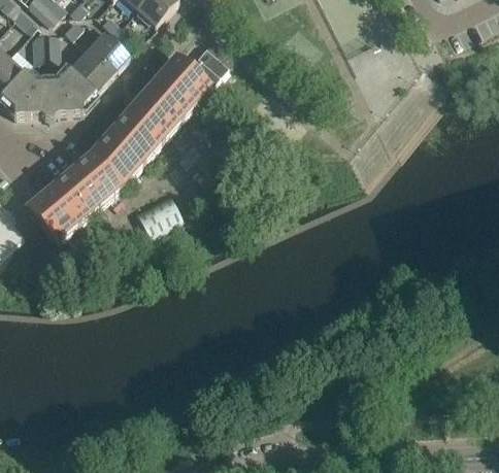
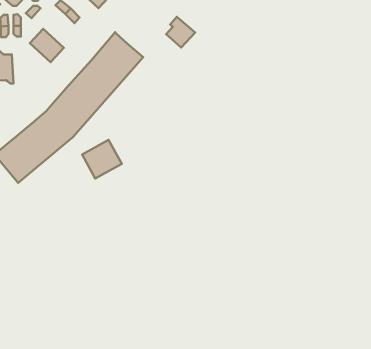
building: [85,31,128,73] -> none
building: [191,45,227,83] -> [166,17,195,48]
building: [45,67,94,117] -> none

